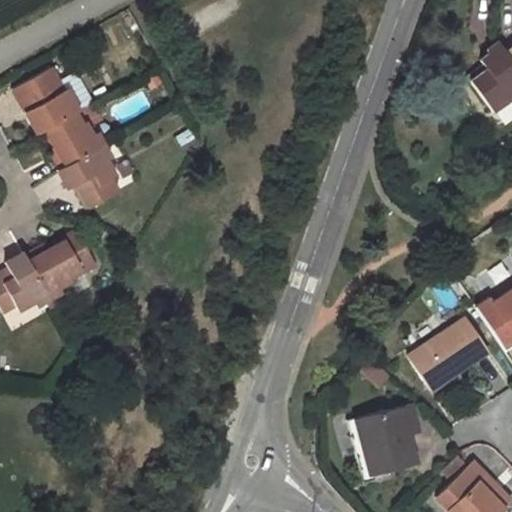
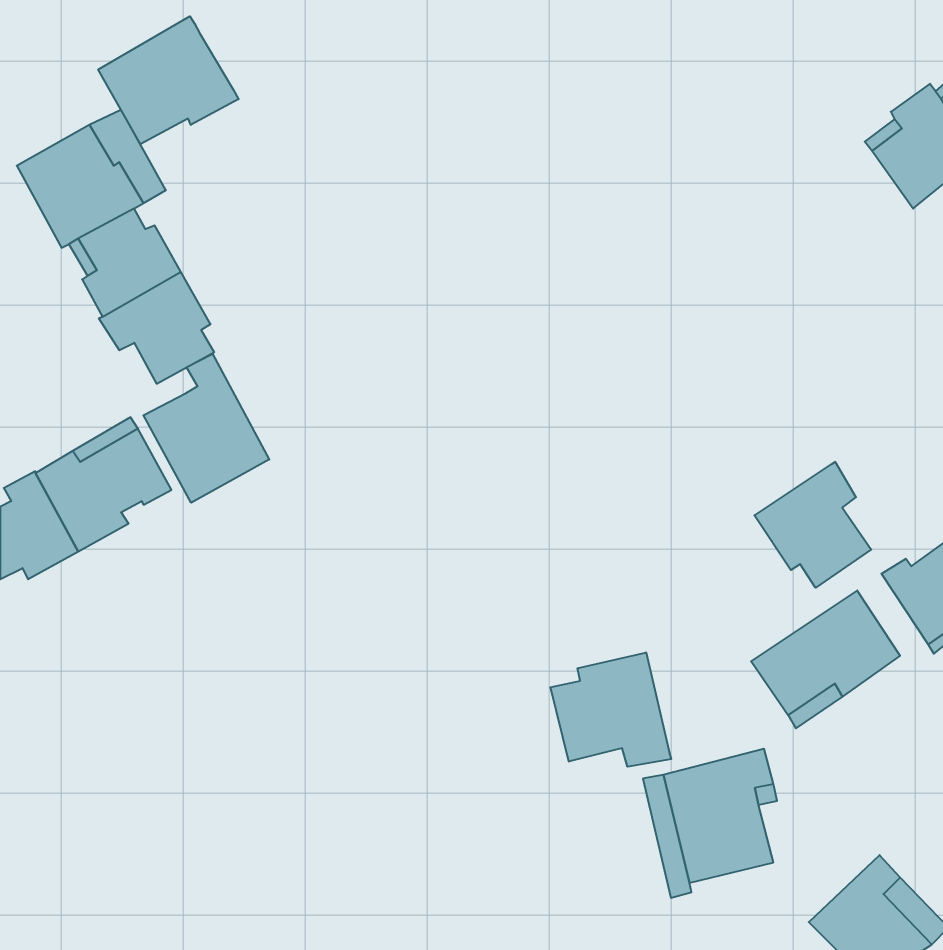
building: none -> [98,16,239,144]
building: none -> [143,354,269,503]
building: none -> [754,462,871,588]
building: none -> [550,652,671,767]

